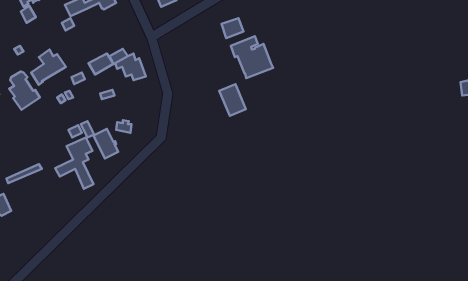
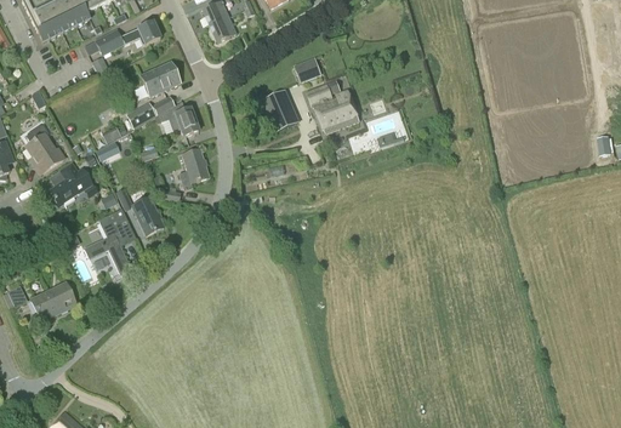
building: none -> [139,61,180,96]
building: [31,50,66,85] -> [49,160,92,205]
building: [219,84,246,116] -> [263,90,297,130]
building: none -> [178,147,209,189]
building: none -> [30,281,75,315]

